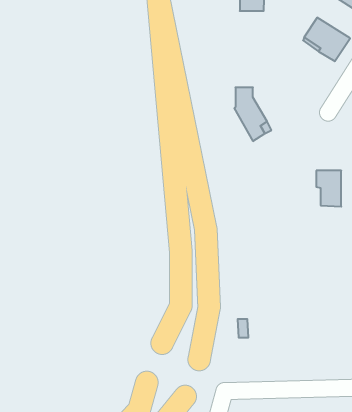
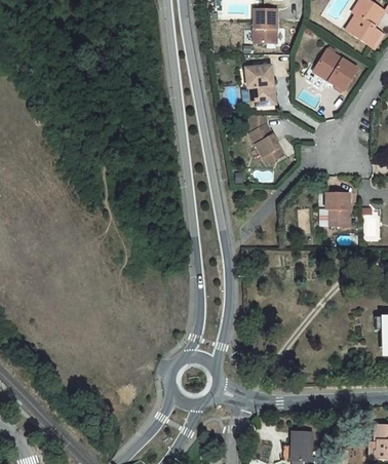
building: none -> [245,65,275,105]

